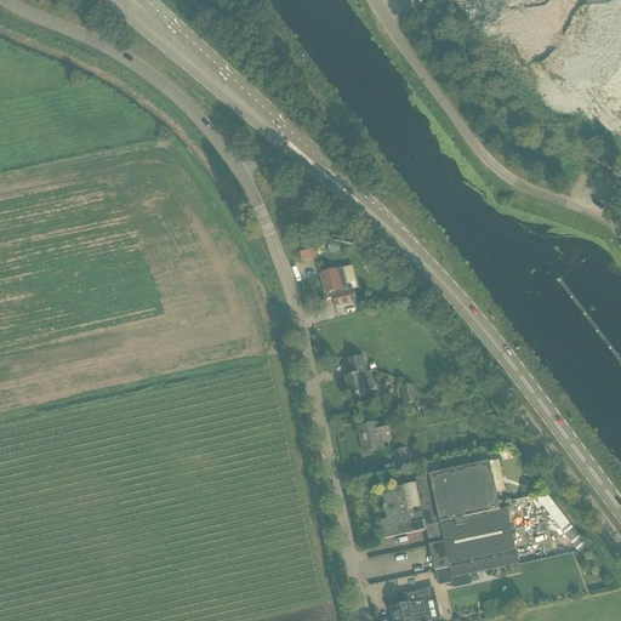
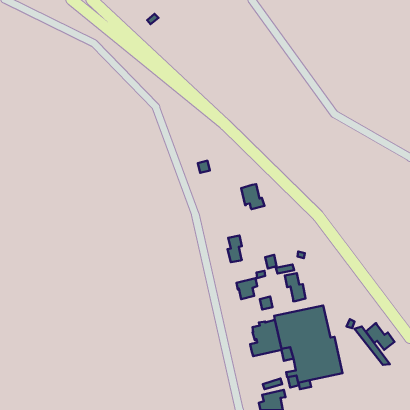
building: [319,267,354,304] -> [241,184,264,209]
building: none -> [285,273,305,301]
building: none -> [366,323,395,350]

